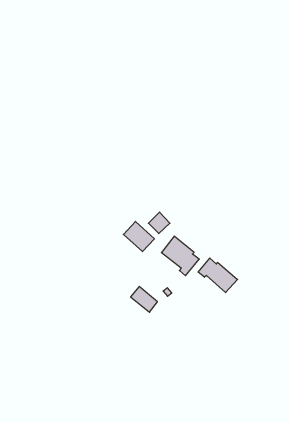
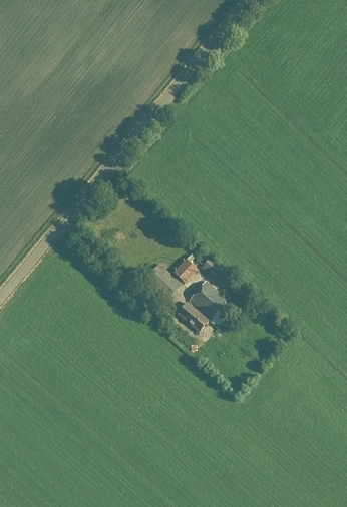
building: [198,258,238,293] -> none
building: [131,286,157,312] -> [177,304,208,334]

